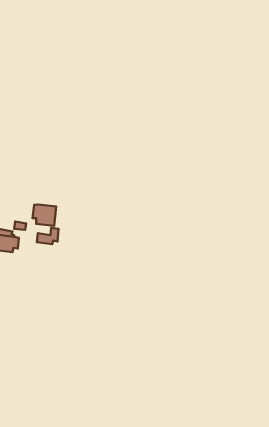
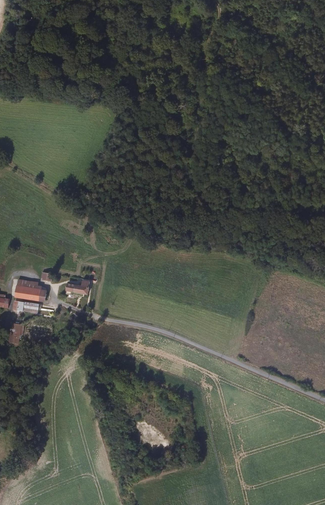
building: [32,205,56,226] -> none

